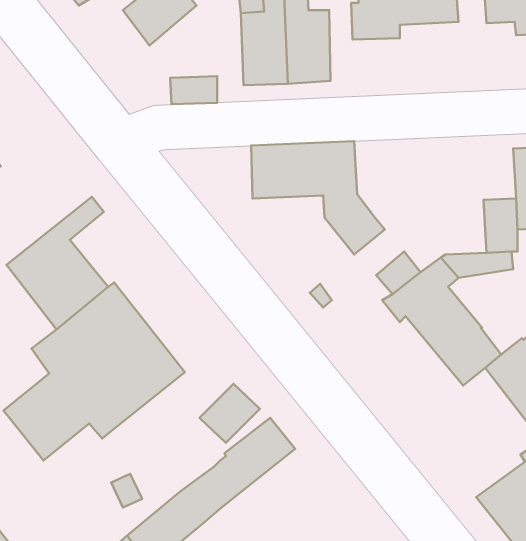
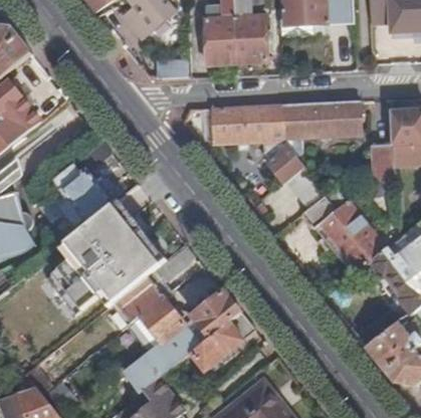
building: none -> [281,99,360,156]
building: none -> [116,245,195,343]
building: none -> [191,314,255,371]

